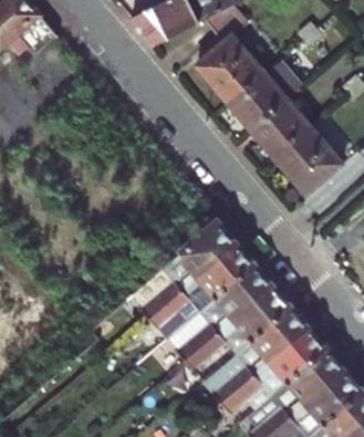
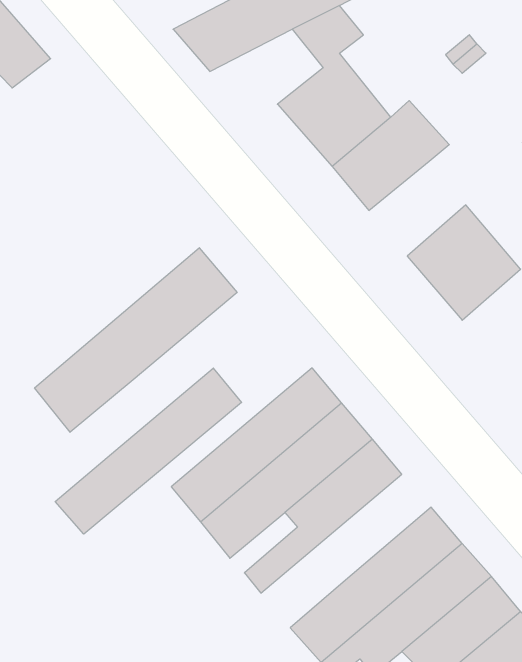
building: [250,98,309,156] -> none
building: none -> [35,248,237,432]
building: none -> [55,368,242,534]
building: [185,288,288,370] -> none

